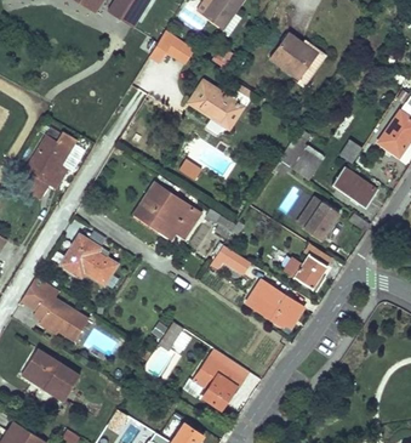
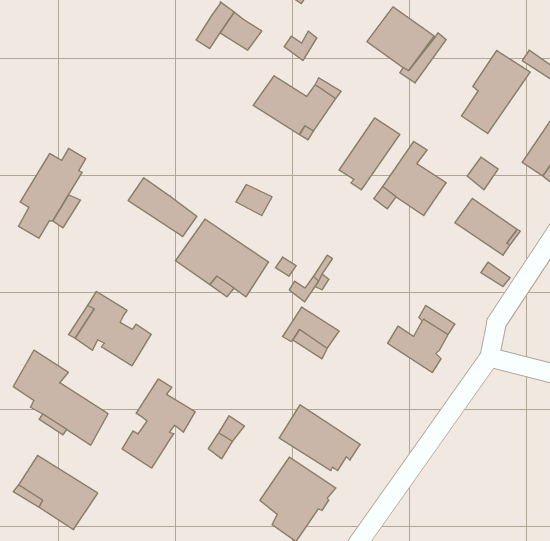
building: none -> [461,50,530,134]
building: none -> [339,118,400,190]
building: none -> [128,178,197,237]
building: [304,201,338,235] -> none
building: [246,279,303,325] -> [279,405,360,471]
building: none -> [122,379,195,468]

